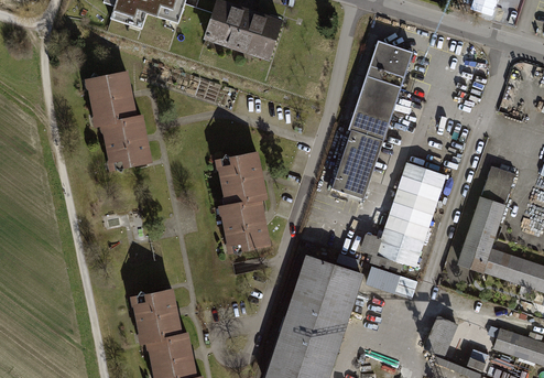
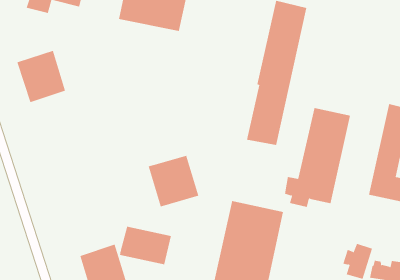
building: [101,114,152,169] -> none
building: [215,152,268,206] -> none
building: [374,269,418,295] -> none
building: none -> [119,226,172,265]

